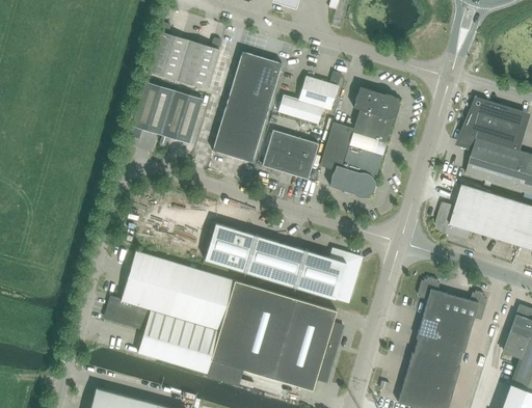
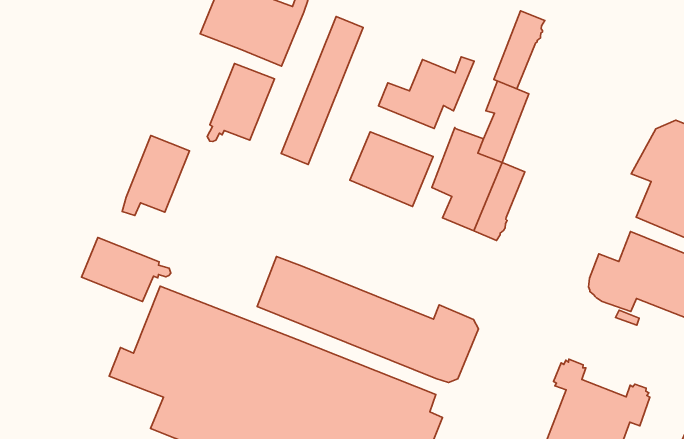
building: [232,58,282,164] -> none
building: [130,83,174,140] -> [122,136,189,216]
building: [368,94,400,149] -> [494,11,545,89]
building: none -> [82,238,171,302]

